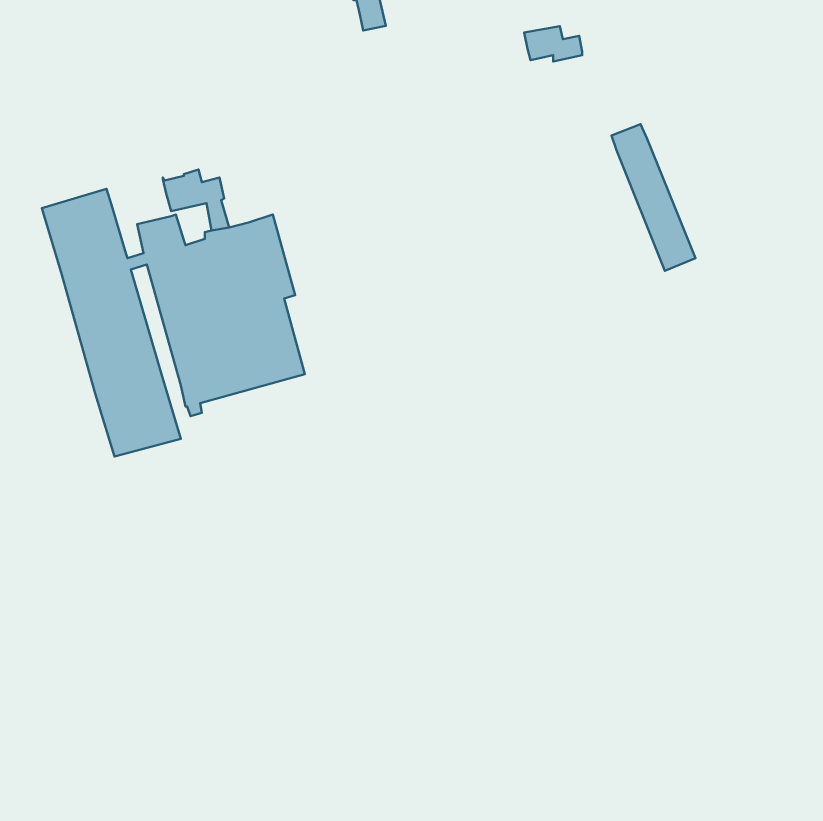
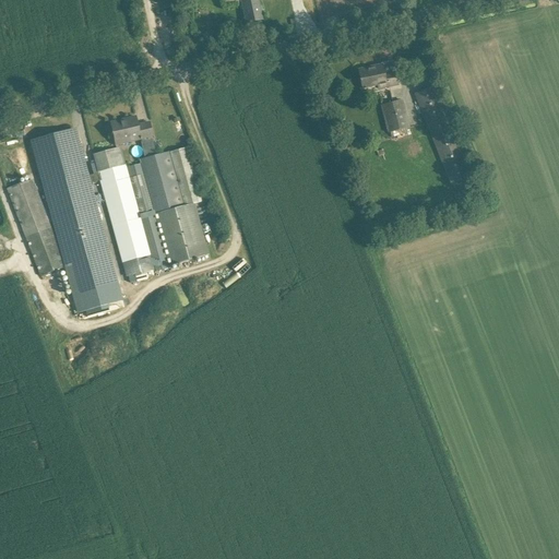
building: [524,26,582,62] -> [357,63,396,87]
building: none -> [381,99,408,131]
building: none -> [7,178,64,274]

